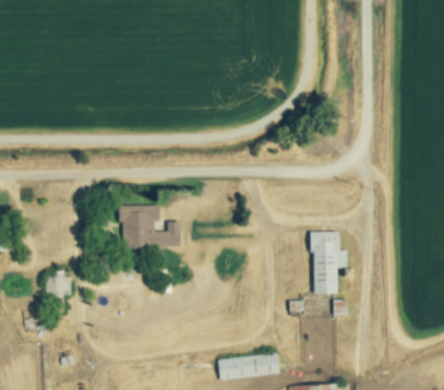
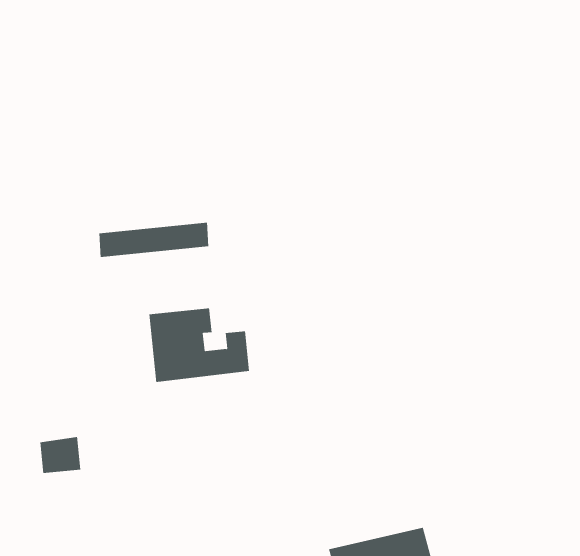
building: none -> [99,222,209,258]
building: [312,231,346,294] -> none

